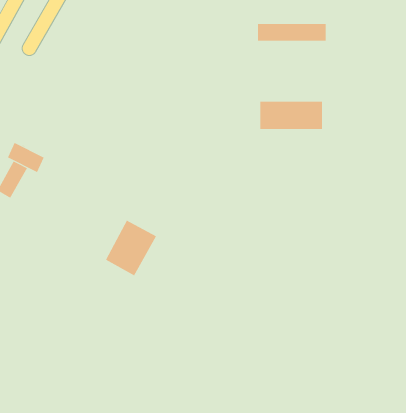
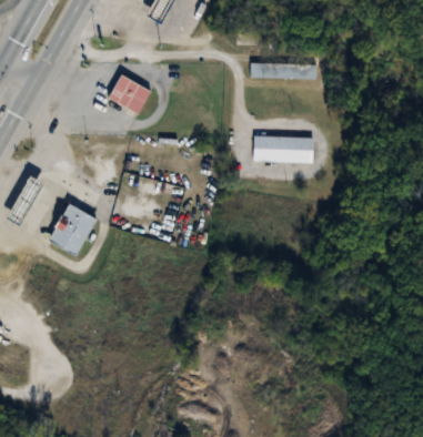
building: none -> [109,74,152,114]
building: [105,220,157,276] -> [48,203,97,256]

